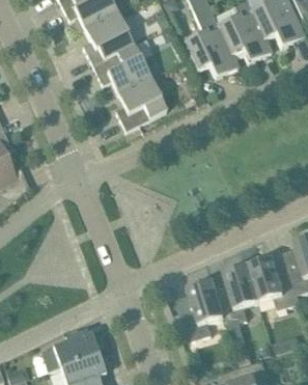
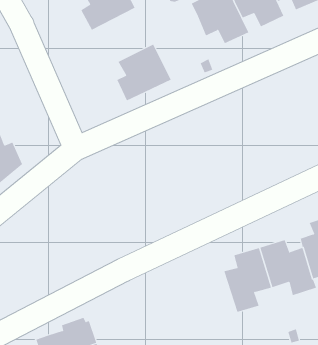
building: [94,44,151,93] -> none
building: [179,280,228,341] -> none

